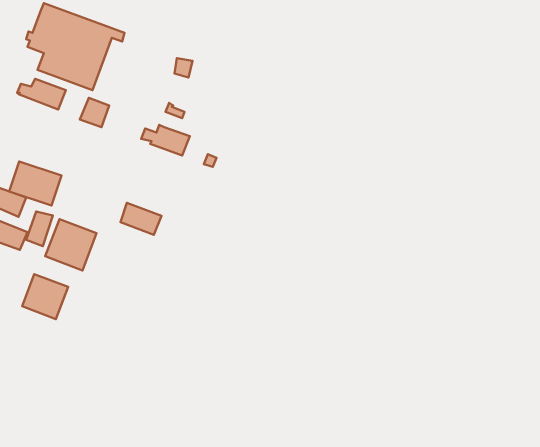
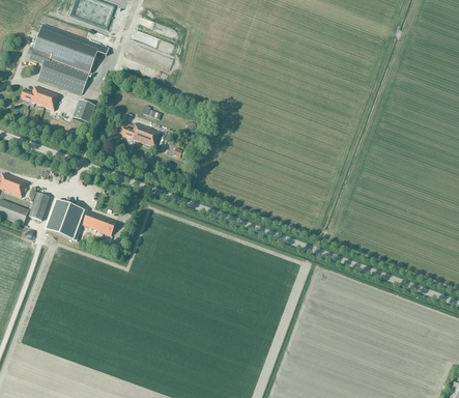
building: [9,161,62,206] -> none
building: [121,203,161,235] -> [82,209,115,235]
building: [22,274,68,319] -> none

